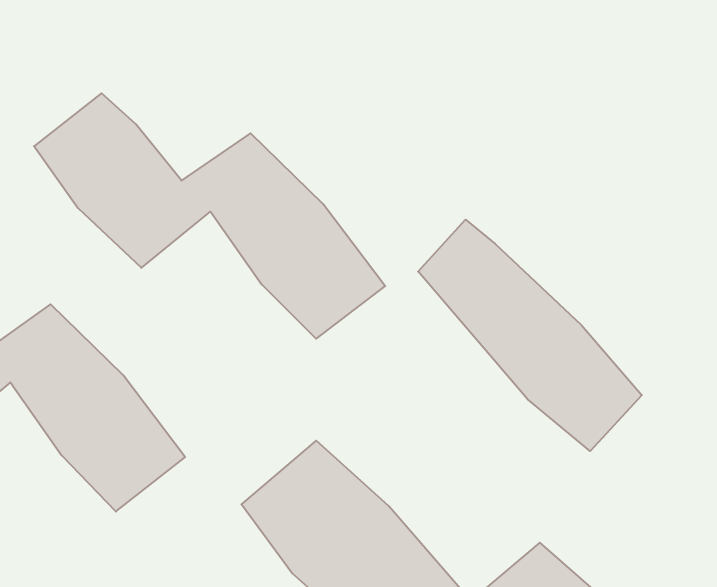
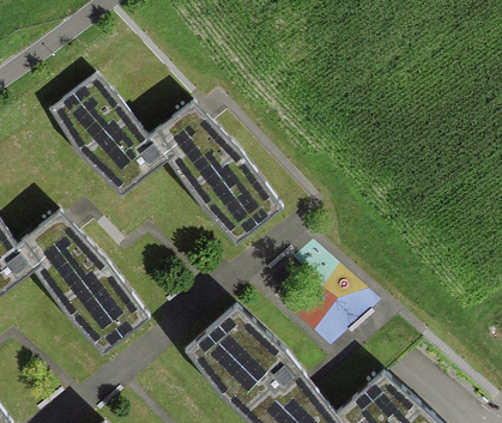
building: [418,220,642,451] -> none

